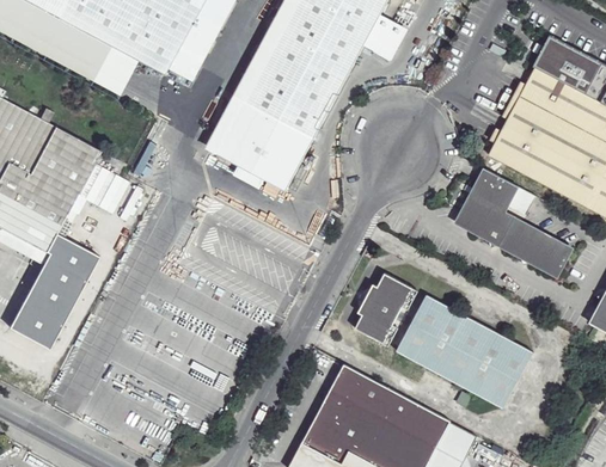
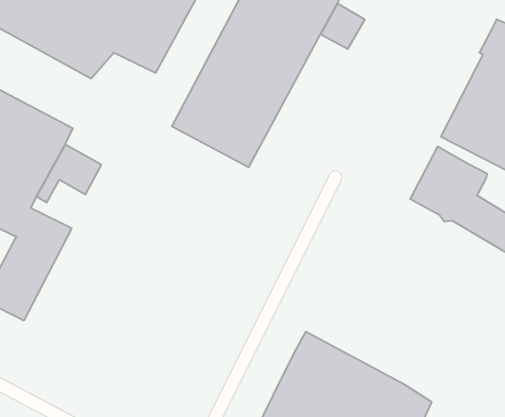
building: [354,271,418,345] -> none
building: [396,296,532,405] -> none

